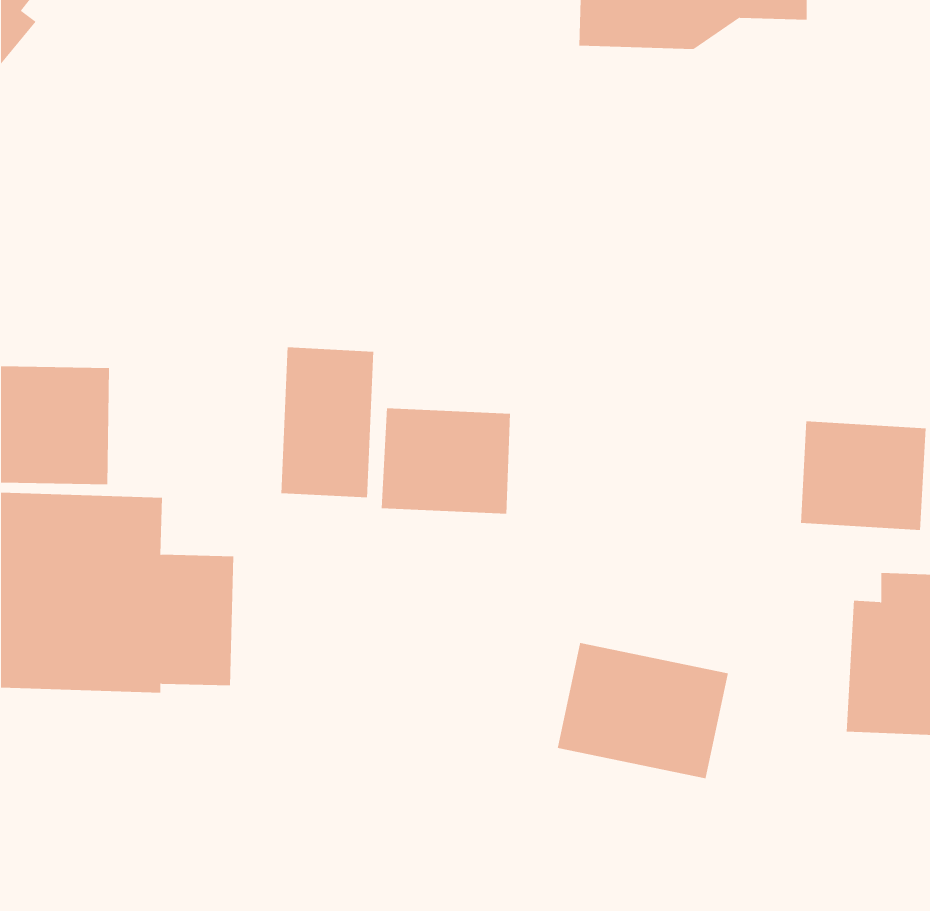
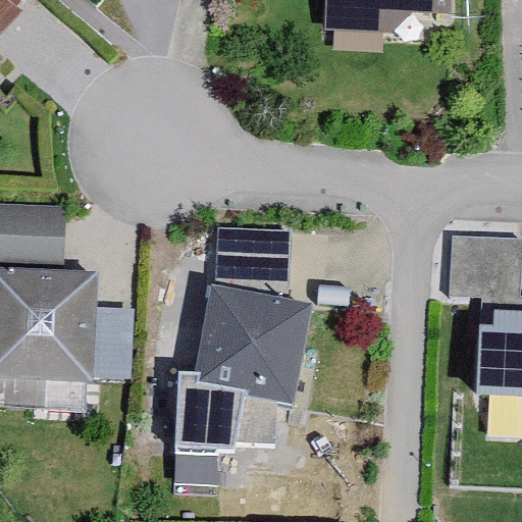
building: [281,347,374,498] -> none
building: none -> [173,292,308,458]
building: [557,642,729,779] -> none

